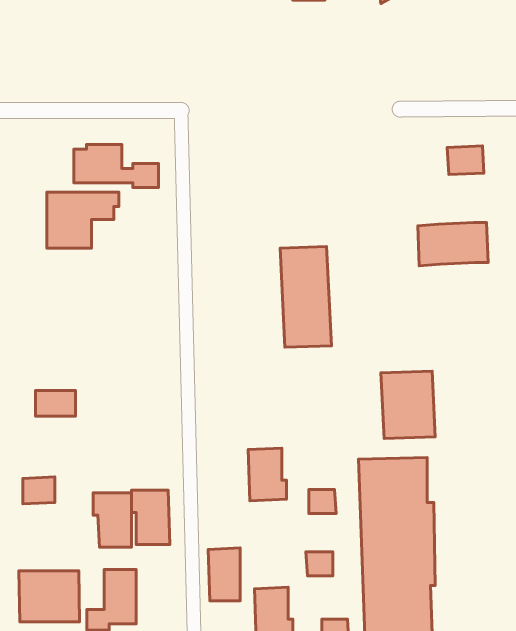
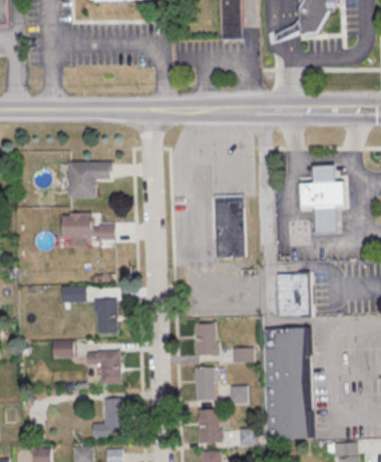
building: [74,144,158,188] -> [61,213,114,240]
building: [447,146,484,175] -> [312,164,335,182]
building: none -> [314,206,337,234]
building: [131,490,170,545] -> [93,299,117,333]
building: [208,548,240,601] -> [195,368,215,401]
building: [19,571,80,622] -> none

